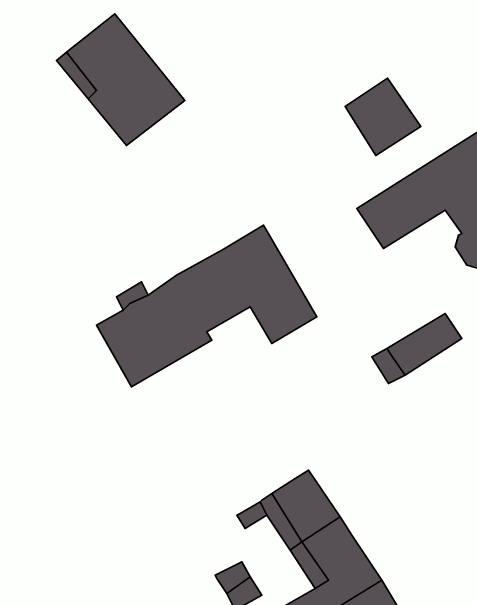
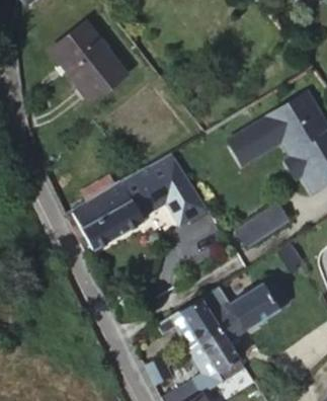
building: [345,78,421,156] -> none
building: none -> [200,278,288,339]

